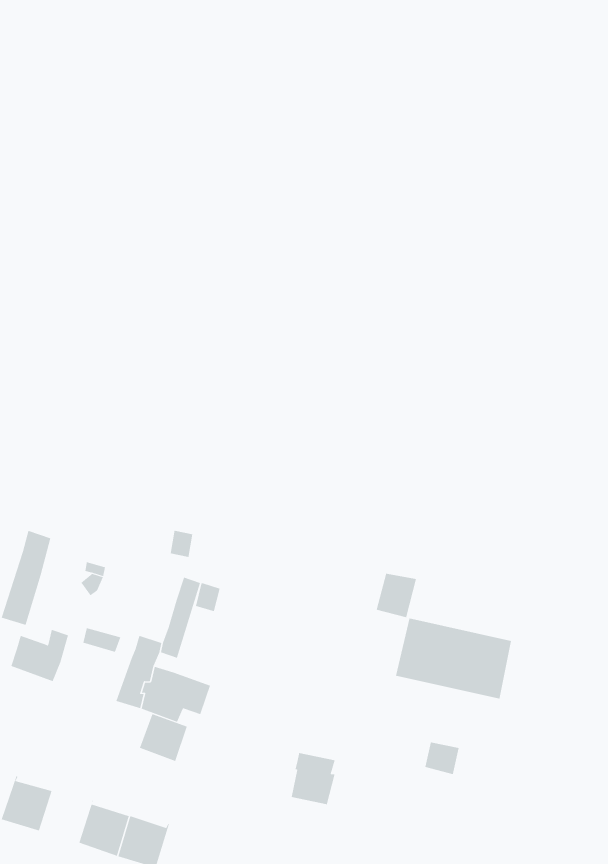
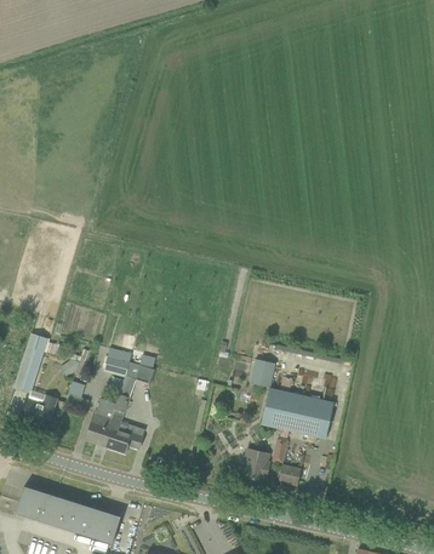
building: none -> [104,348,131,377]
building: [136,712,187,762] -> none
building: [291,752,335,805] -> [242,449,270,481]
building: none -> [39,495,72,529]

